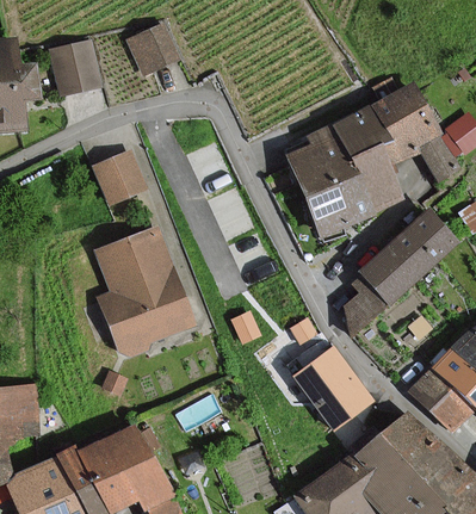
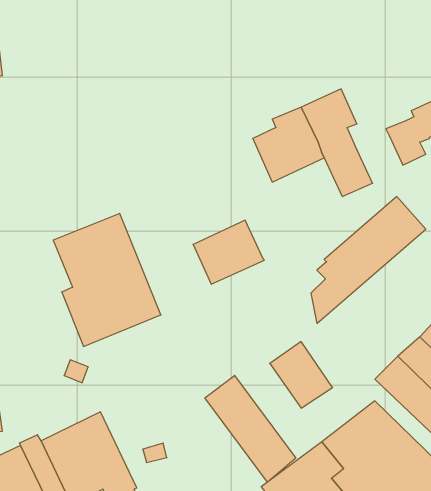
building: [129,25,175,72] -> none
building: [50,41,98,94] -> none
building: [373,85,438,163] -> none
building: [93,151,143,202] -> none
building: [305,172,376,235] -> [193,220,264,284]
building: none -> [205,375,296,482]

